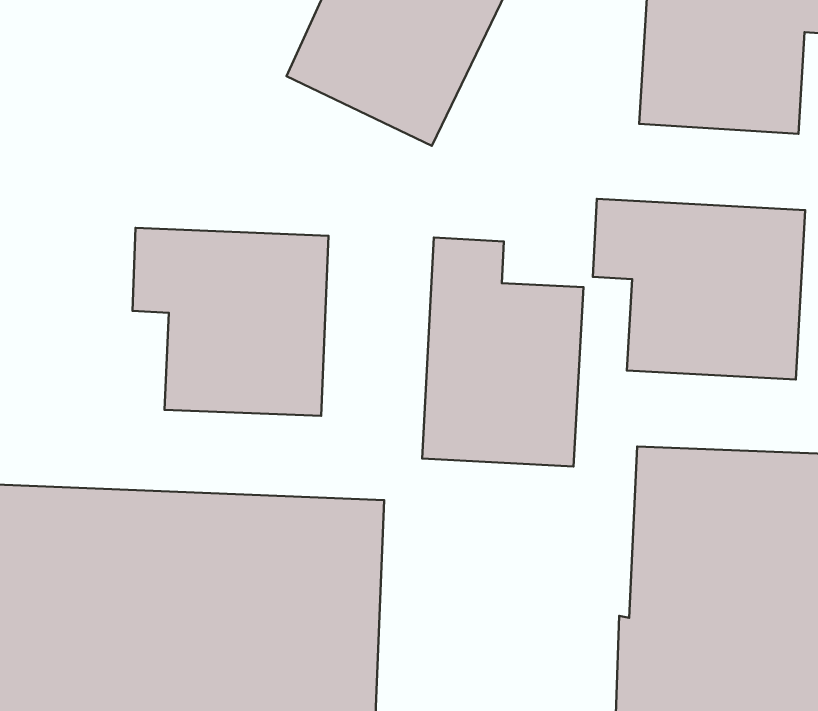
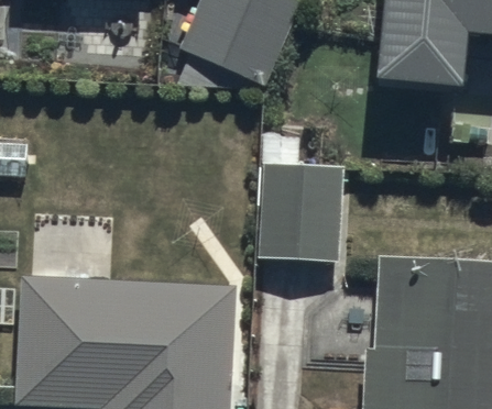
building: [593,199,805,379] -> none
building: [132,228,328,416] -> none

